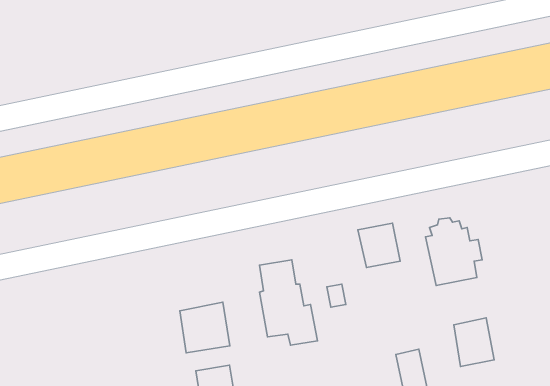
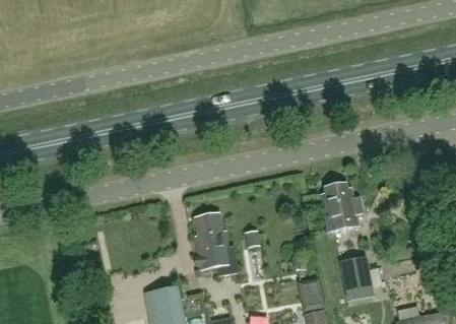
building: [358,223,400,267] -> none
building: [180,302,230,353] -> none

